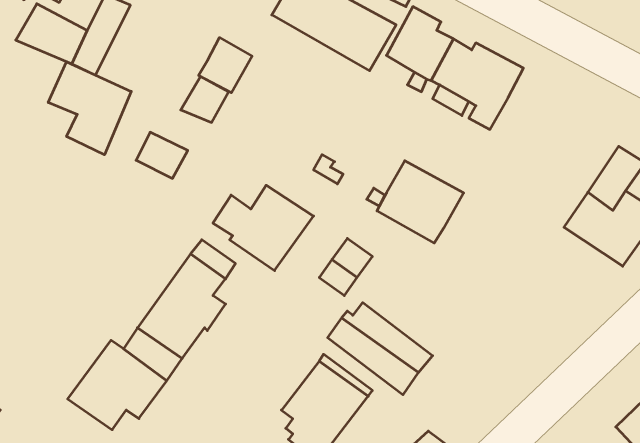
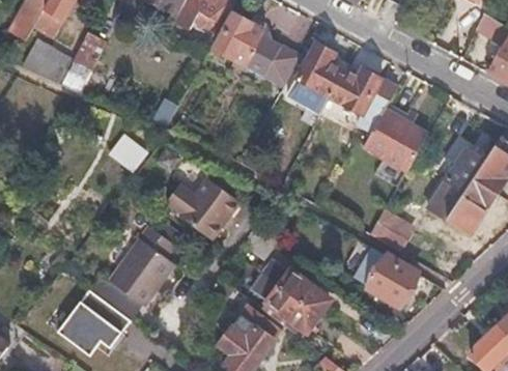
building: [199,38,252,93] -> none
building: [48,62,131,155] -> none
building: [377,161,464,243] -> [365,109,429,170]
building: none -> [371,210,413,251]
building: none -> [356,247,417,303]

